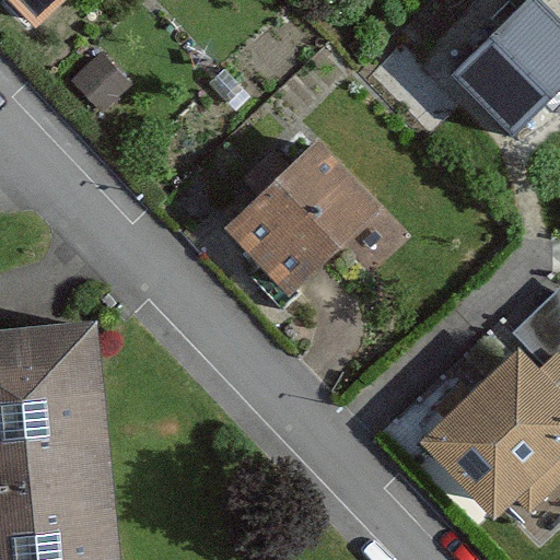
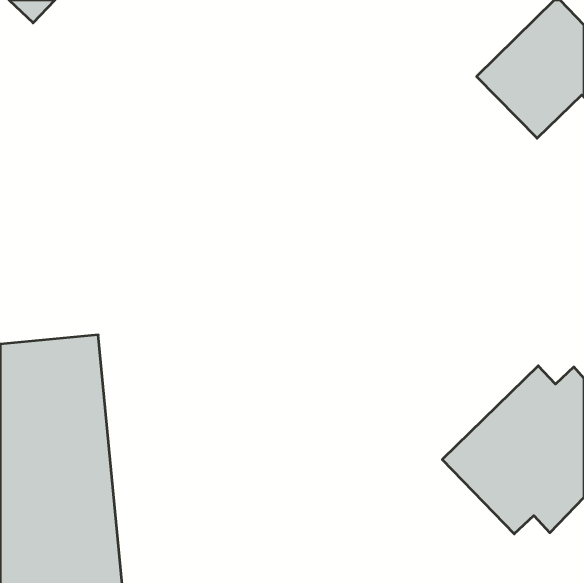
building: [224,142,377,313] -> none

